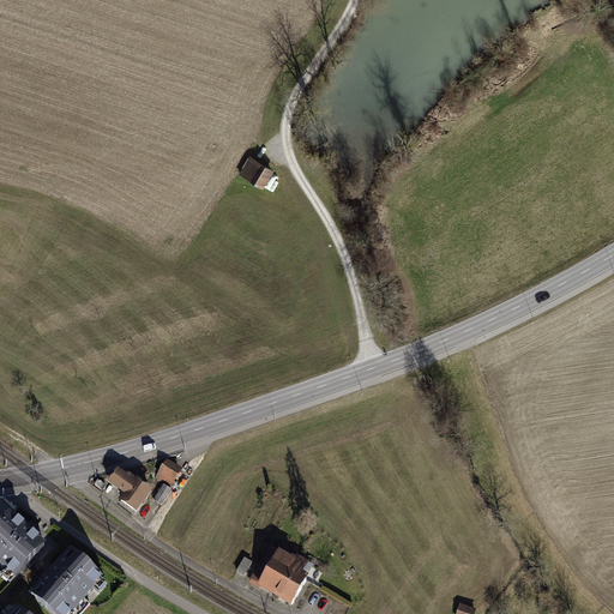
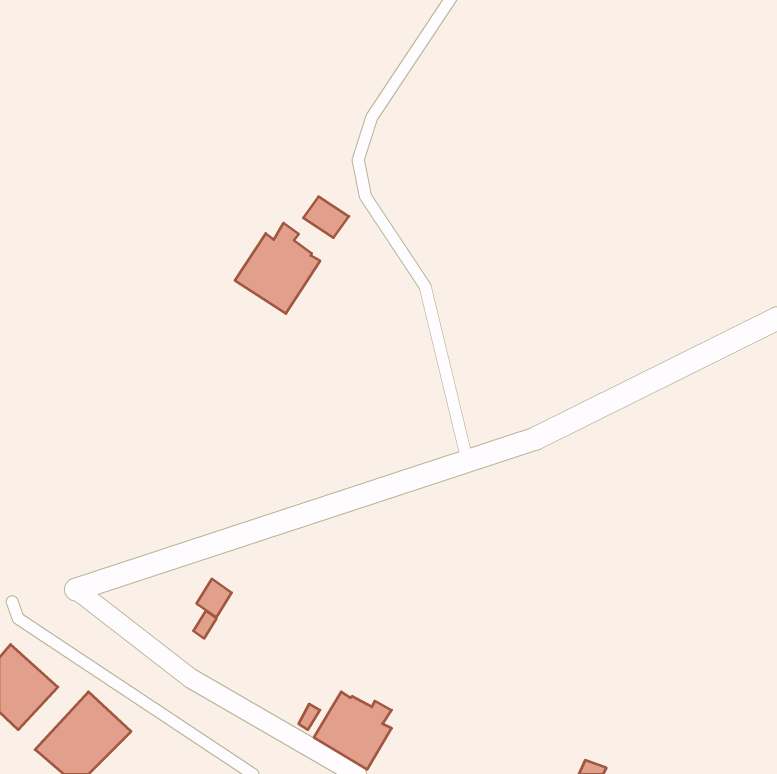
building: none -> [235,223,320,314]
building: [107,465,152,510] -> none

